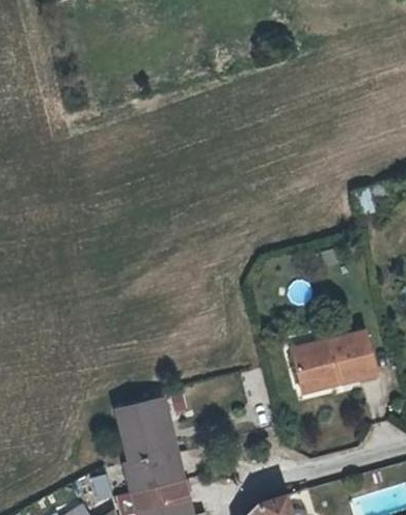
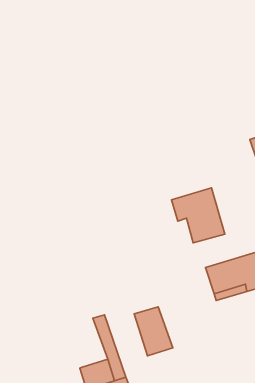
building: none -> [171,188,225,243]
building: [117,402,162,461] -> [134,307,173,356]

